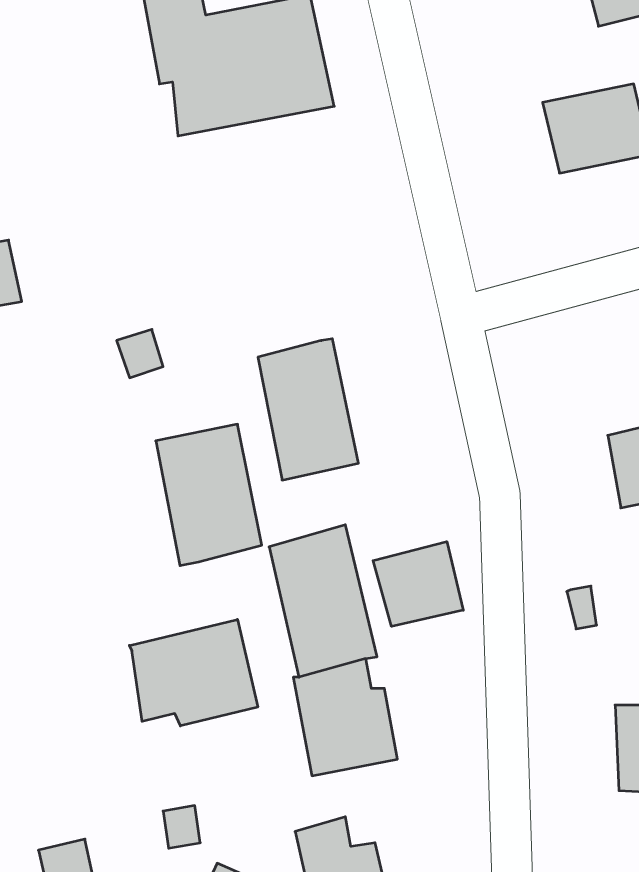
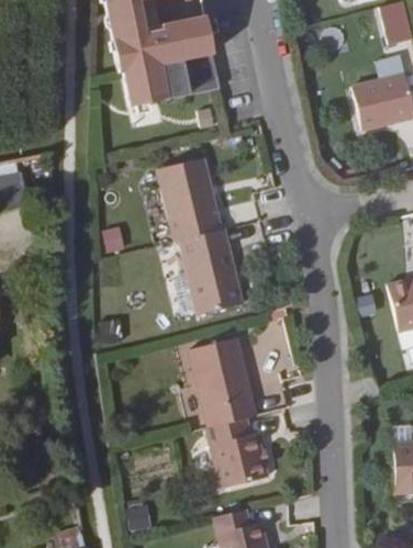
building: [156,424,262,566] -> [158,158,221,242]
building: [373,542,463,626] -> none
building: [129,619,258,726] -> none

